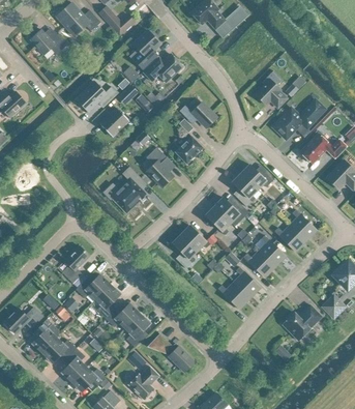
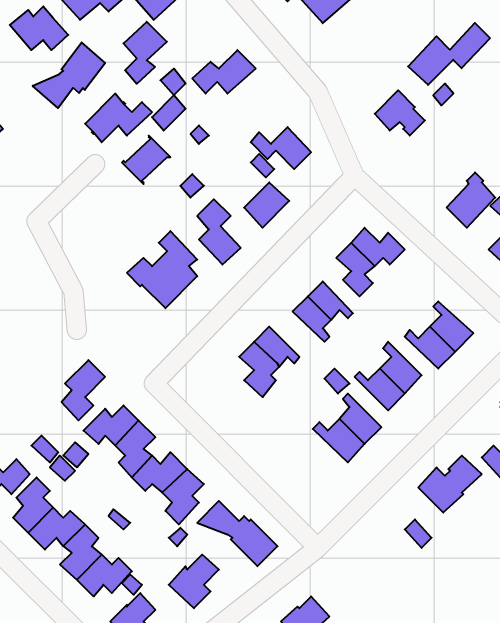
building: [134,31,160,69] -> [123,22,167,84]
building: none -> [33,42,105,108]
building: [273,100,324,139] -> [408,23,490,85]

